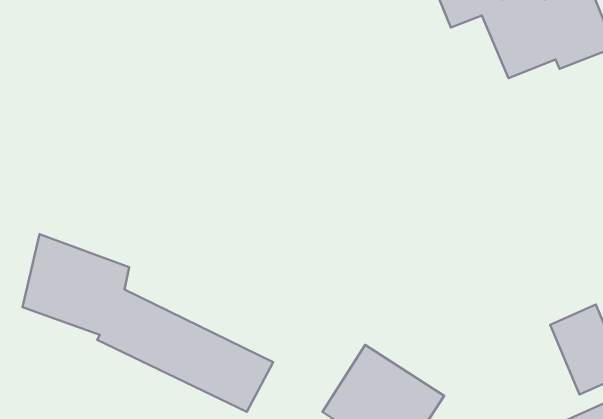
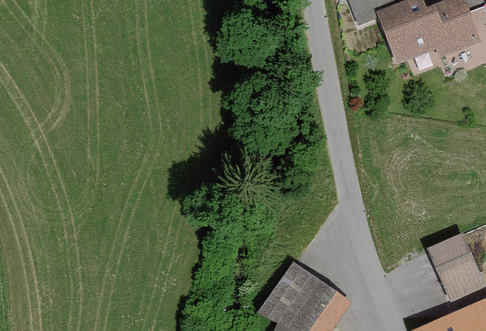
building: [22,234,273,412] -> none

